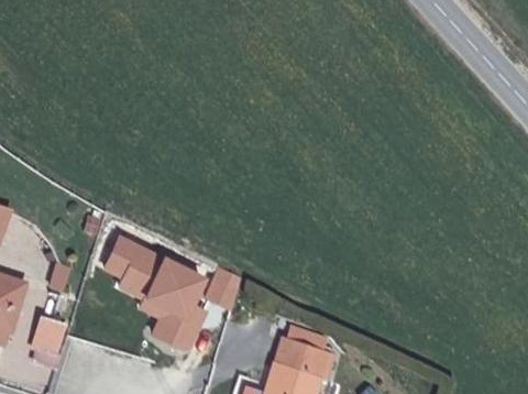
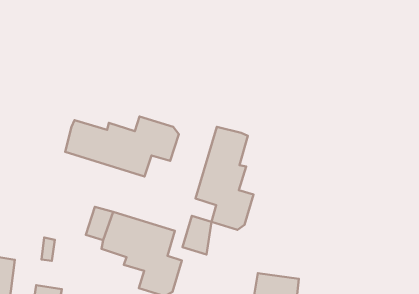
building: none -> [65,116,179,177]
building: none -> [195,127,253,230]

